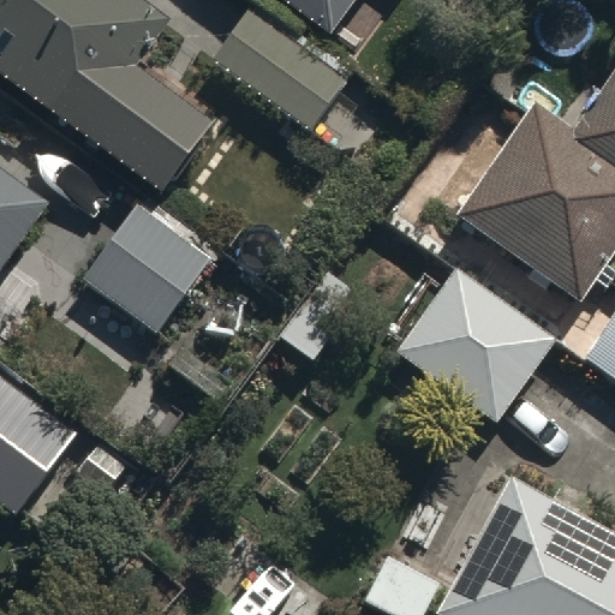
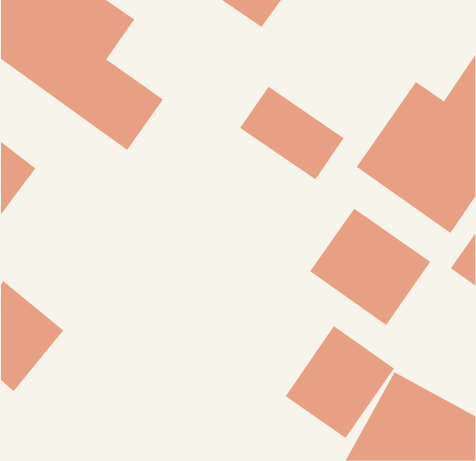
building: [209,12,345,133] -> [239,86,345,180]
building: [79,202,213,335] -> none
building: none -> [285,325,395,439]

